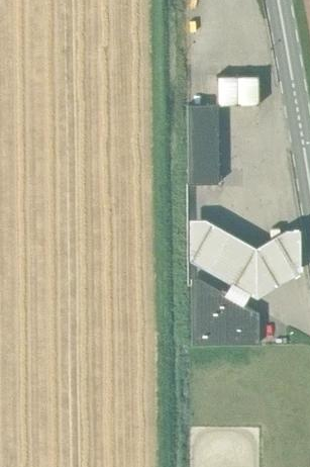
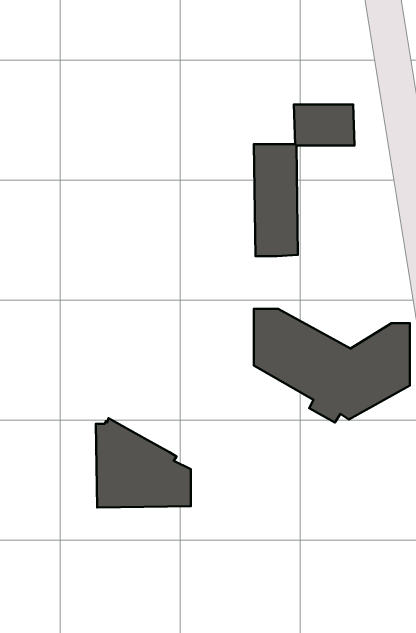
building: [193,279,261,343] -> [96,418,191,508]

